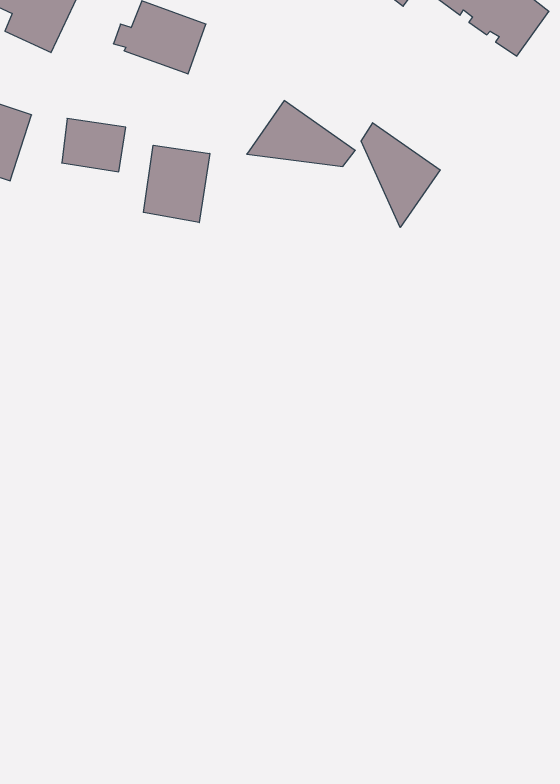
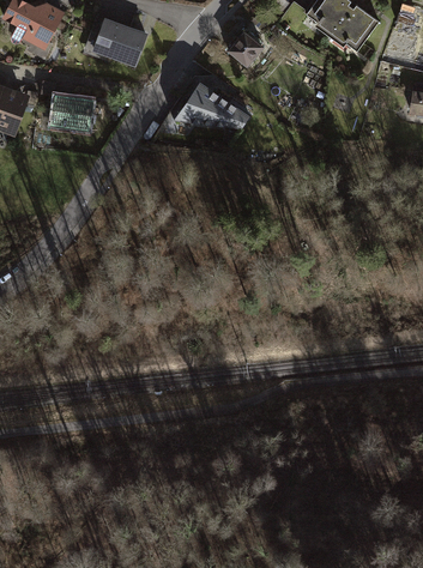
building: none -> [224,31,260,66]
building: [361,123,440,227] -> none
building: [143,145,210,223] -> none

